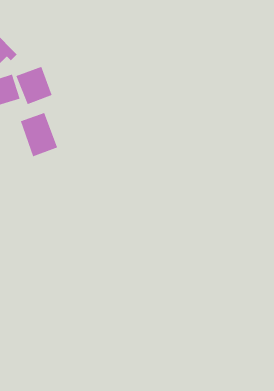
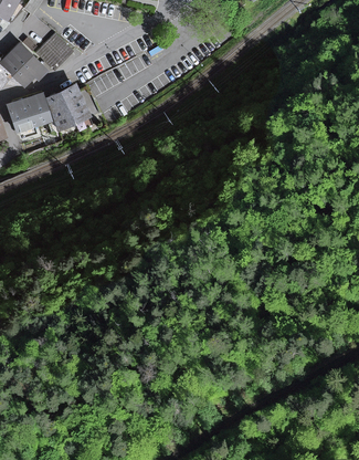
building: none -> [39,35,72,70]
building: [20,112,58,157] -> none

